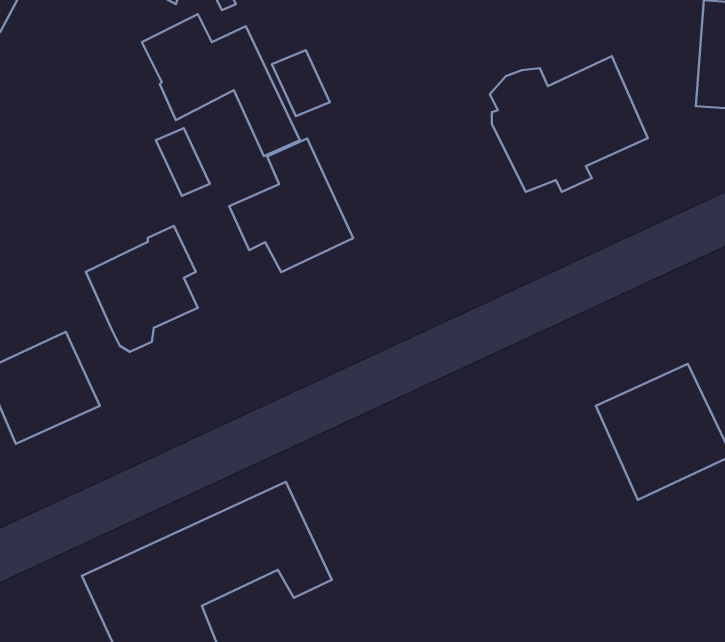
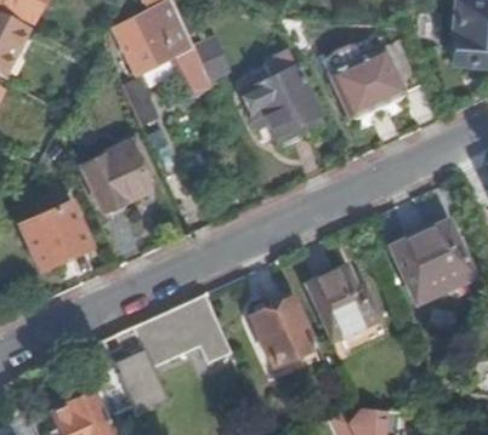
building: [229,138,353,272] -> [242,51,317,132]
building: none -> [306,267,376,337]
building: none -> [250,298,313,367]

